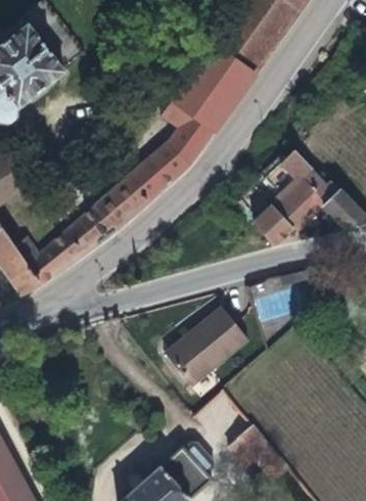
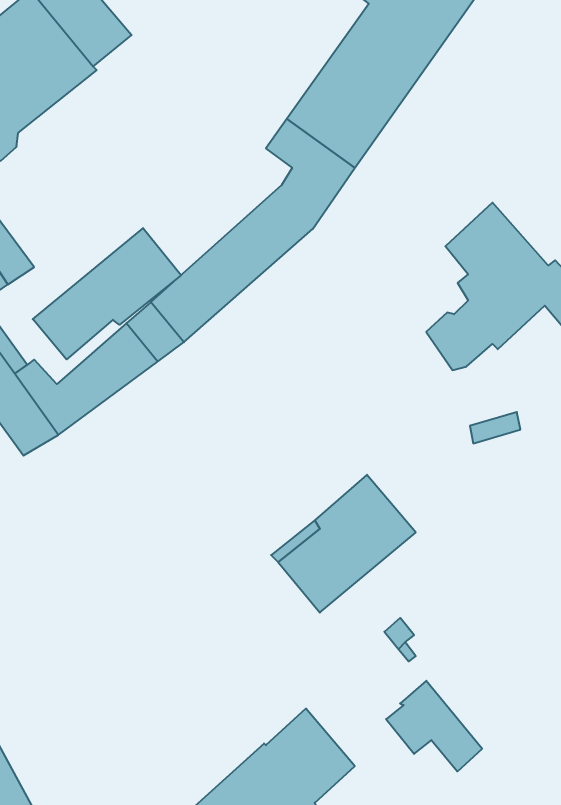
building: none -> [33,228,181,359]

